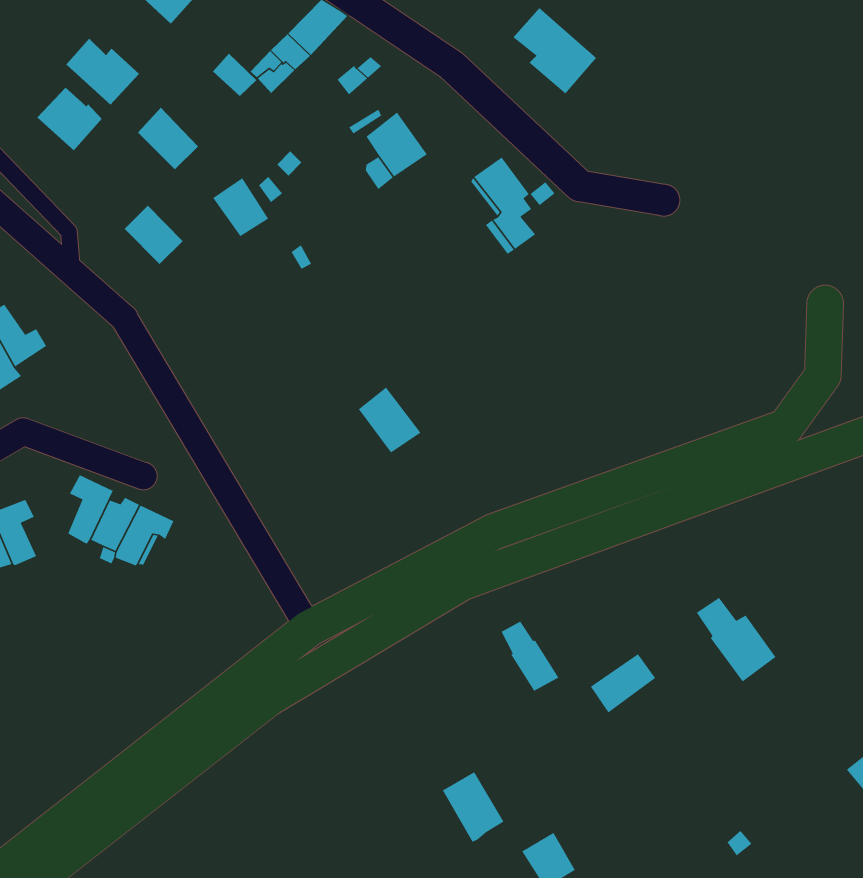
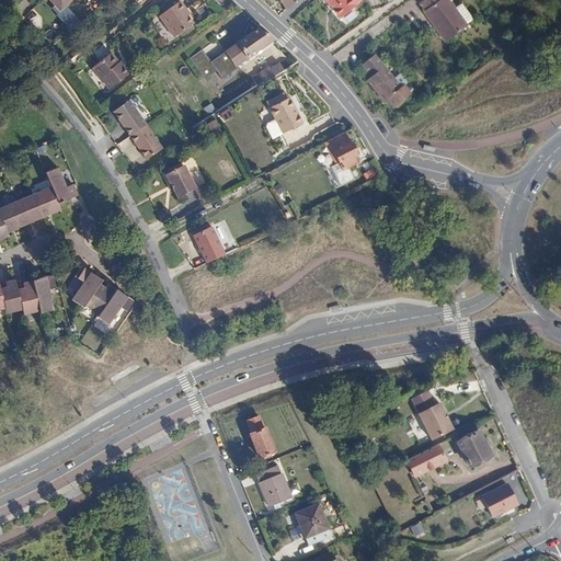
building: [66,38,140,105] -> none
building: [137,107,199,170] -> [113,101,146,137]
building: [212,177,269,237] -> [168,164,197,197]
building: [358,387,421,453] -> [195,224,228,261]
building: [500,620,559,692] -> [247,416,275,457]
building: [590,653,656,714] -> [407,446,444,477]
building: none -> [457,433,490,468]

